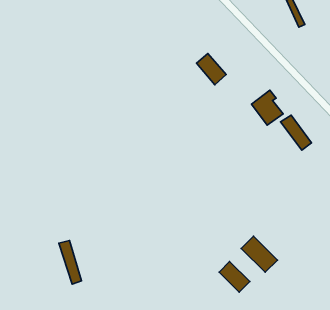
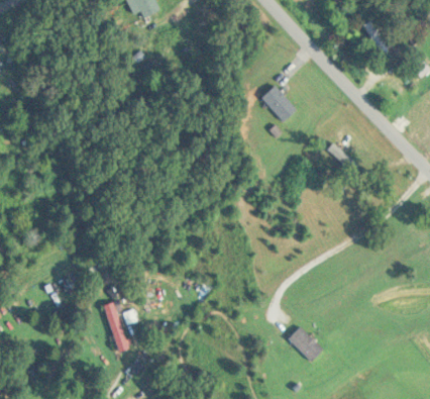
building: [281,115,312,150] -> none
building: [241,236,277,272] -> none

